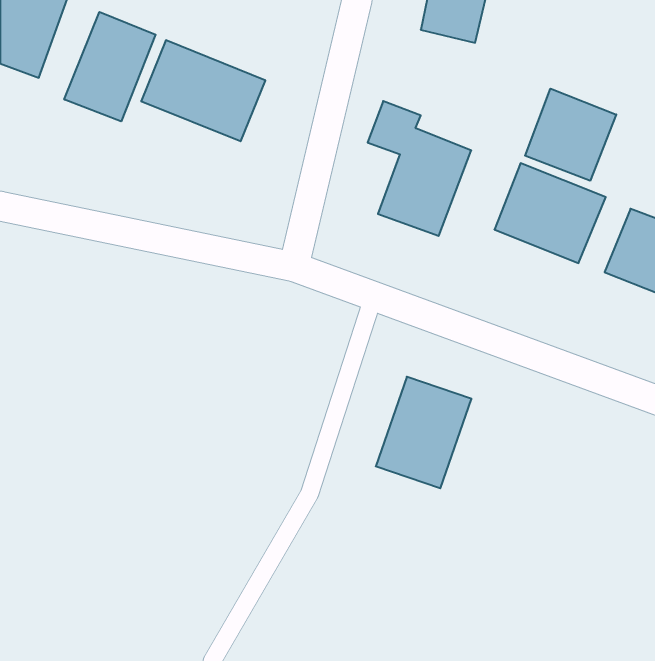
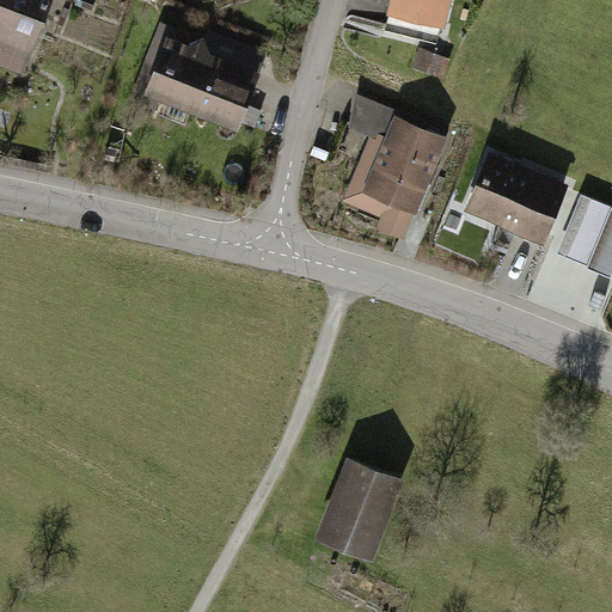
building: [64,12,156,121] -> none
building: [525,89,616,181] -> none
building: [376,377,472,488] -> [311,458,399,561]

